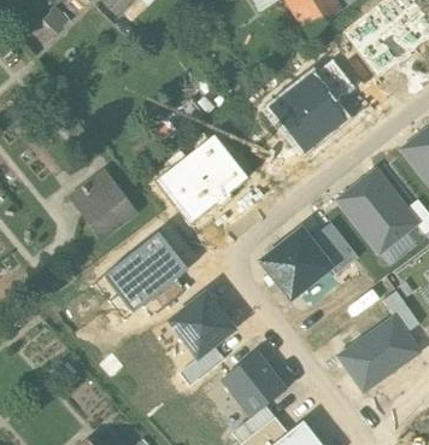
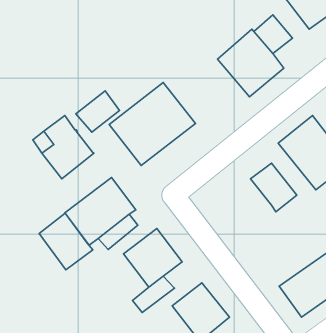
building: none -> [76,91,120,132]
building: [261,230,331,299] -> none
building: none -> [39,213,93,270]

